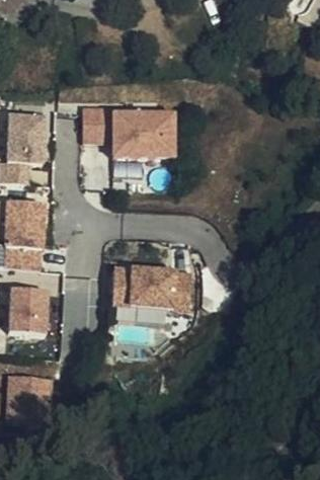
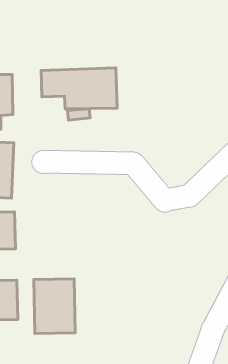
building: [112,265,193,309] -> none
building: none -> [34,279,75,334]

